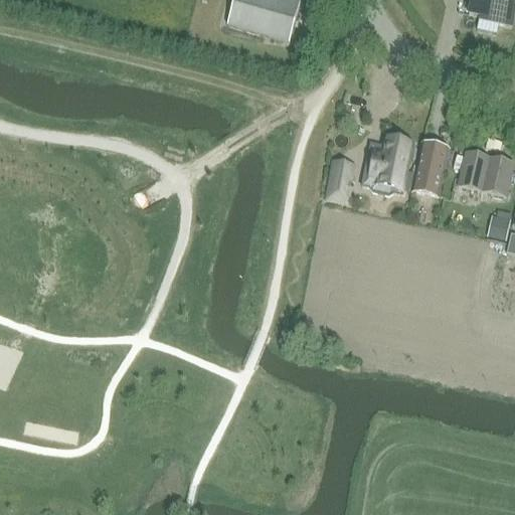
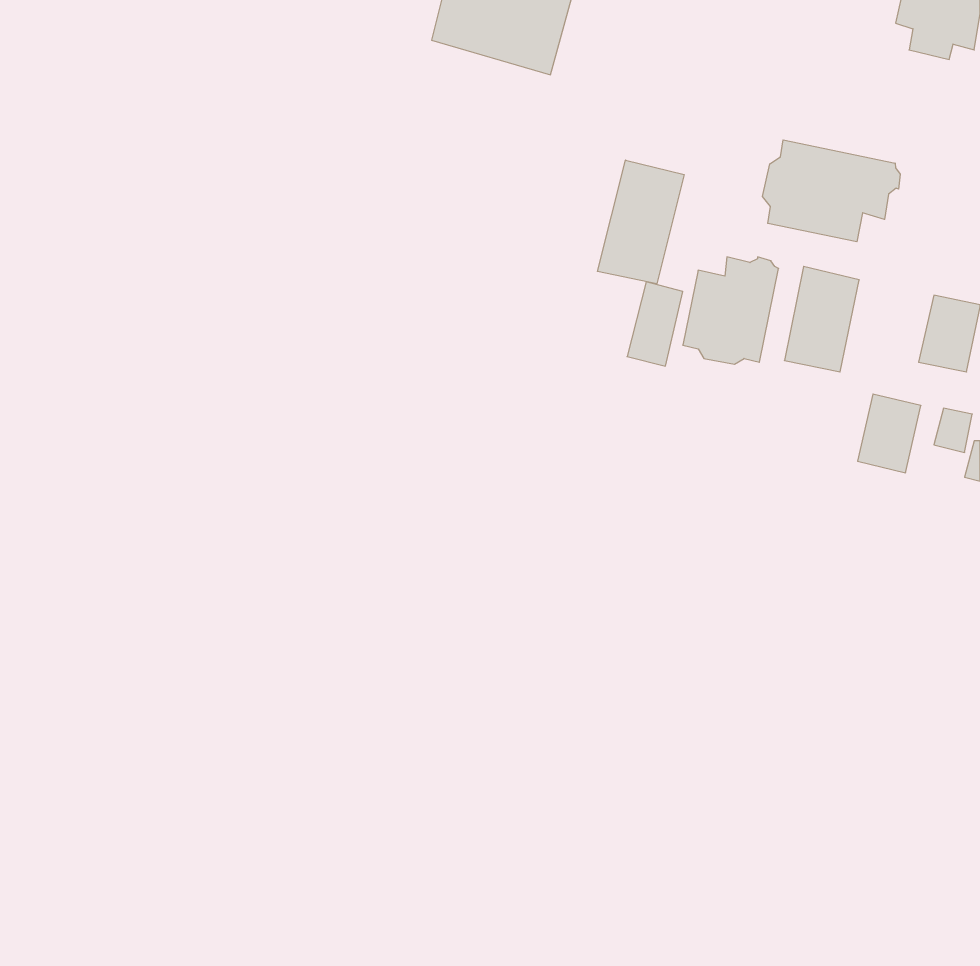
building: none -> [762,140,900,242]
building: none -> [597,160,684,284]
building: [457,149,490,190] -> [858,394,921,473]

